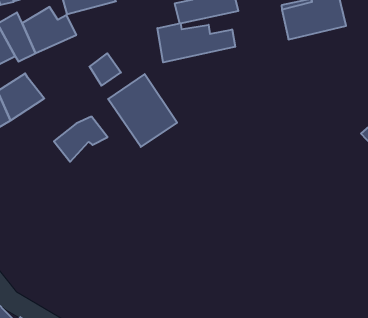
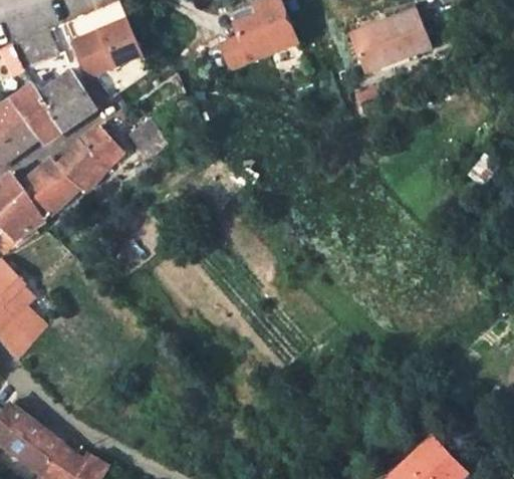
building: [157,23,235,62] -> none
building: [108,74,177,147] -> none
building: [54,117,108,162] -> [55,127,119,185]

